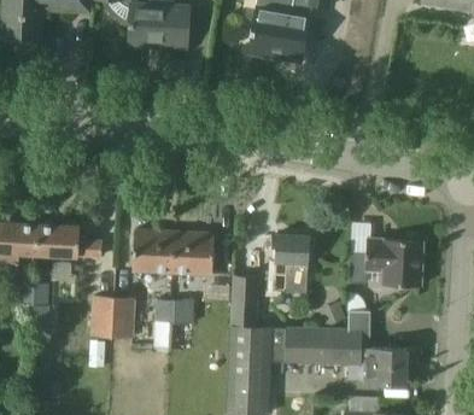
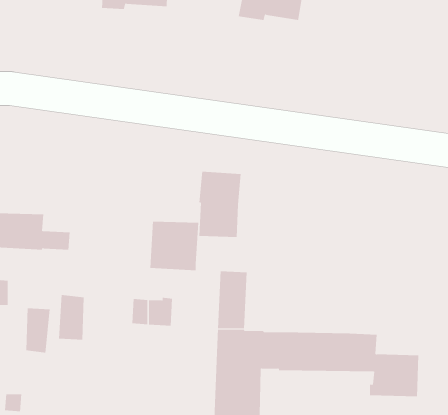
building: [131,229,174,273] -> none
building: [273,234,310,292] -> [199,171,242,238]
building: [350,234,422,286] -> none
building: [113,298,135,338] -> [25,308,50,353]

